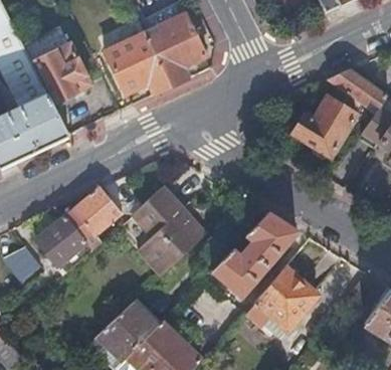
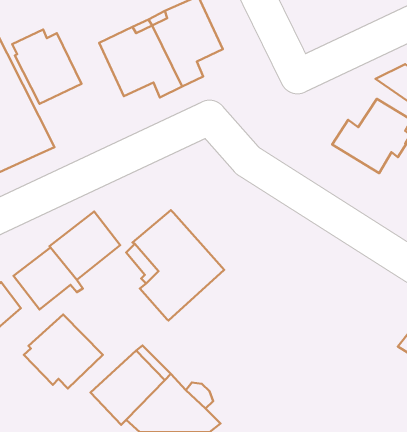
building: [210,213,297,297] -> none
building: [246,267,319,339] -> none
building: none -> [24,314,103,389]

